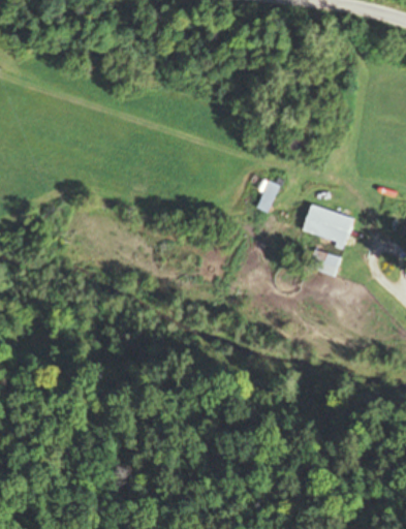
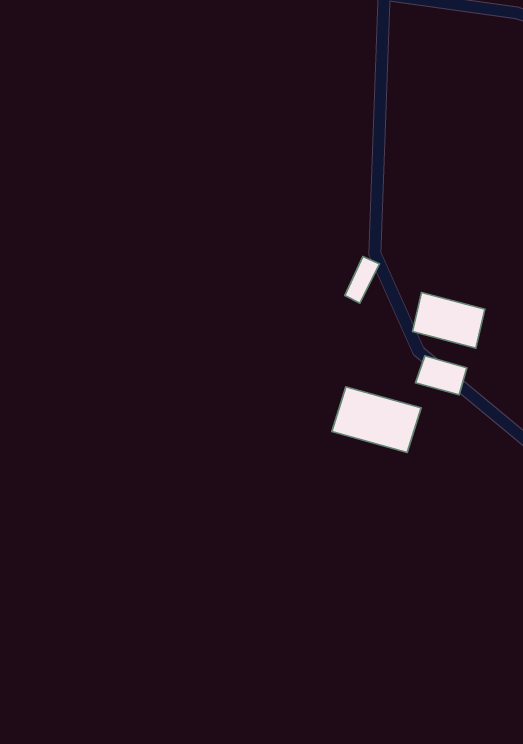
building: none -> [332,387,421,452]

